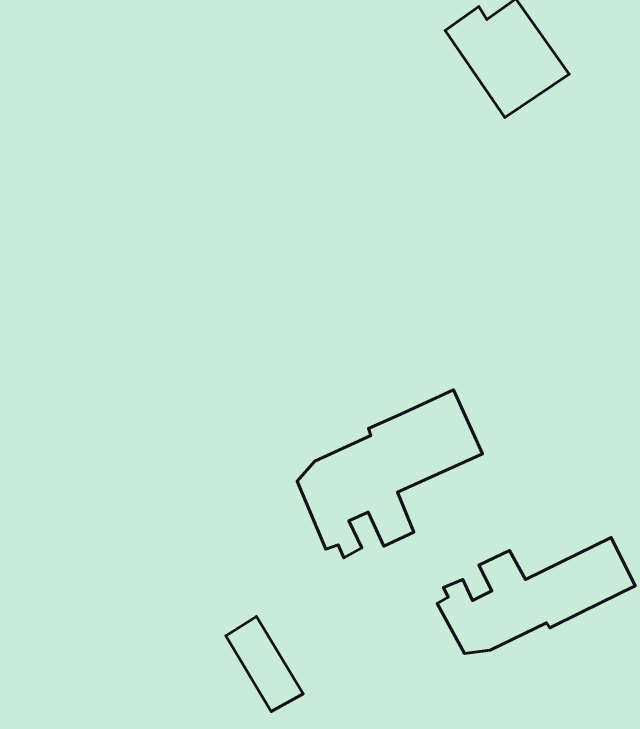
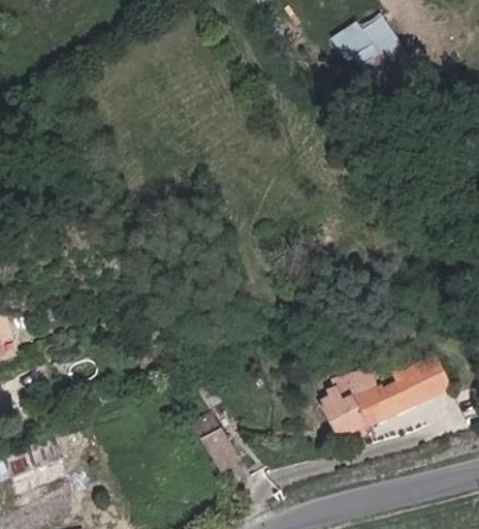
building: [297,390,483,558] -> none

